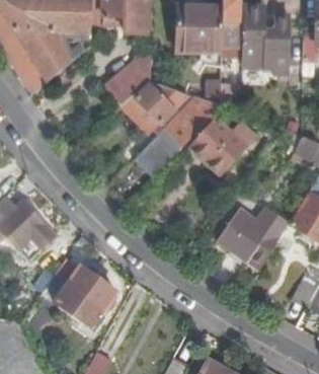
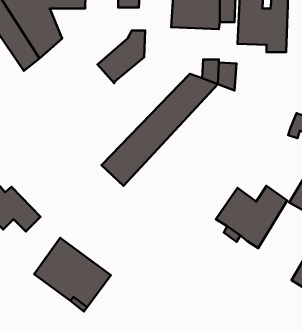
building: [119,80,186,133] -> none
building: [190,118,246,174] -> none

